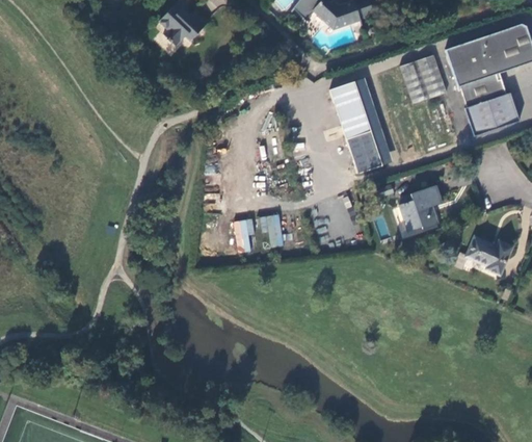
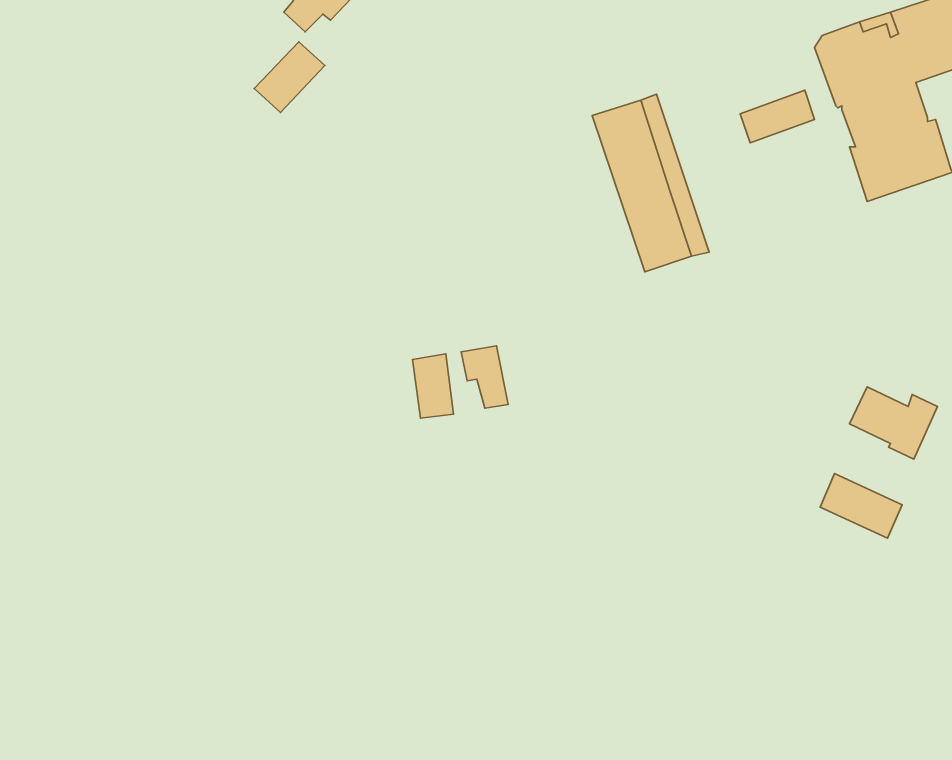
building: none -> [254,42,325,112]
building: [400,54,442,89] -> none
building: [398,185,442,230] -> none
building: none -> [820,474,902,538]

